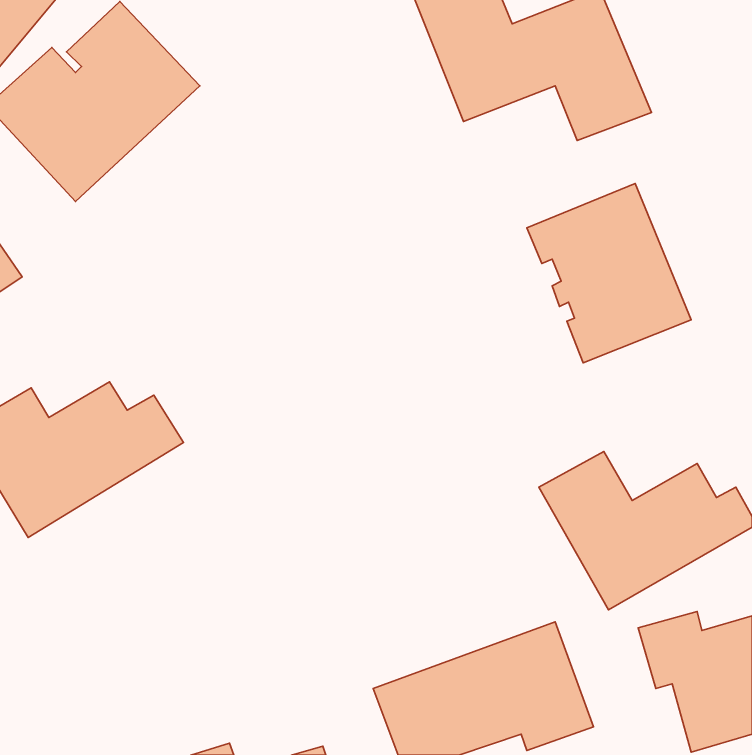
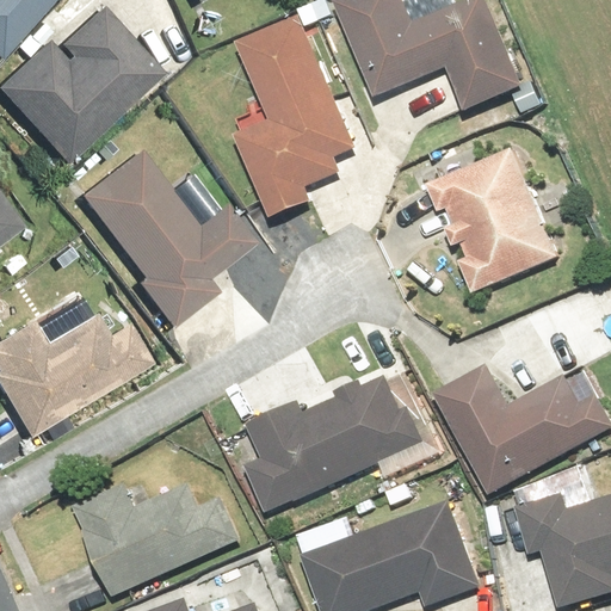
building: none -> [235,16,356,223]
building: none -> [73,148,251,327]
building: none -> [246,376,424,511]
building: none -> [73,482,241,595]

